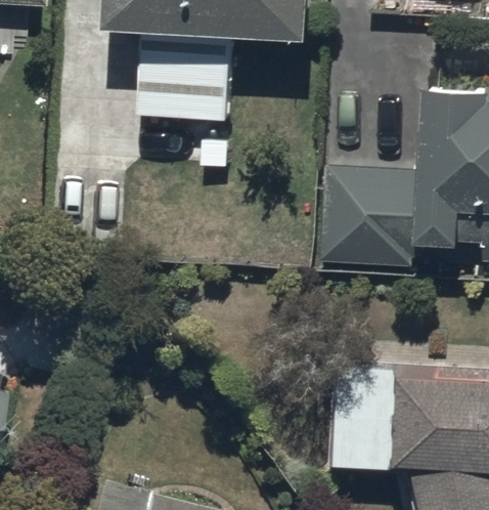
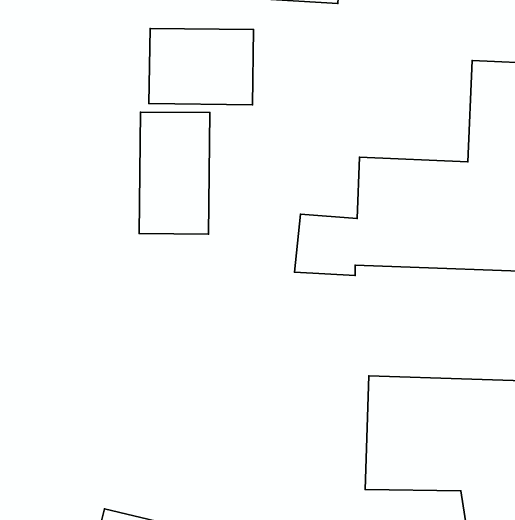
building: none -> [139,112,210,234]

